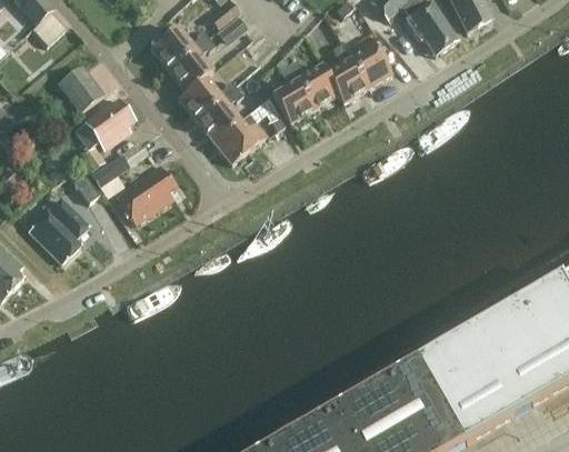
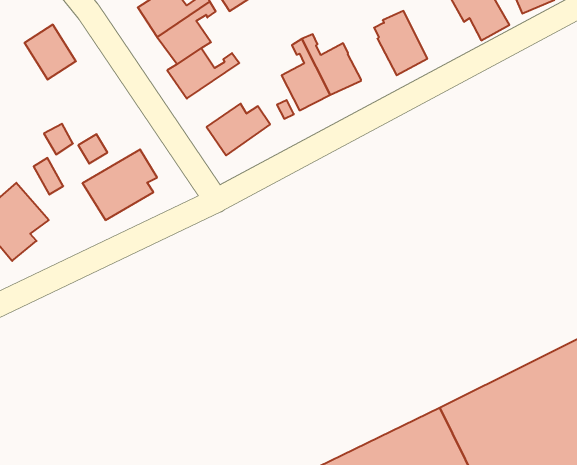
building: [326,42,367,102] -> none
building: [196,87,242,141] -> none
building: [84,98,134,148] -> none

